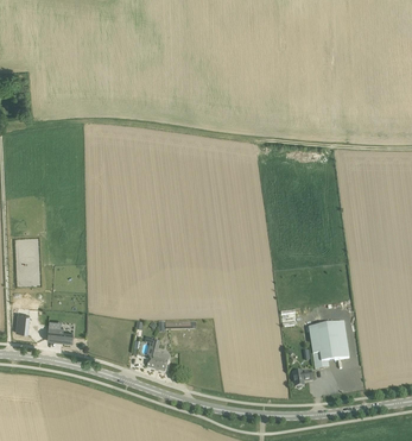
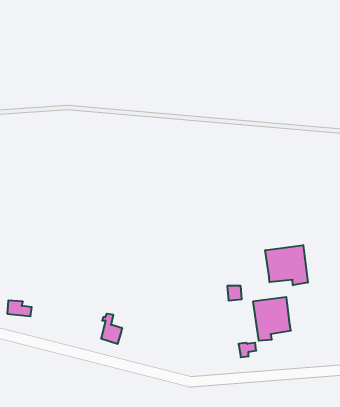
building: none -> [265,245,308,285]

